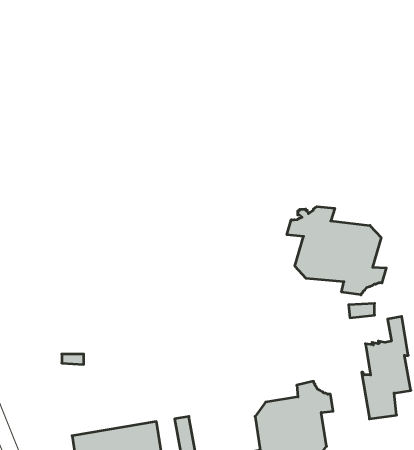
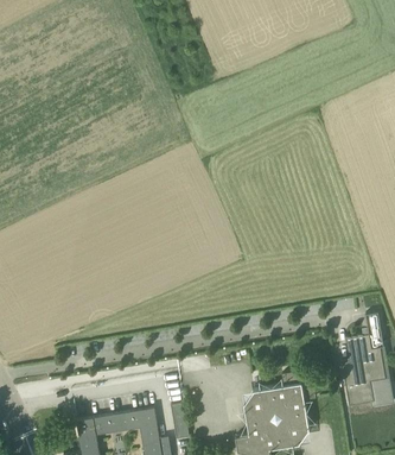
building: [287,207,386,295] -> none

